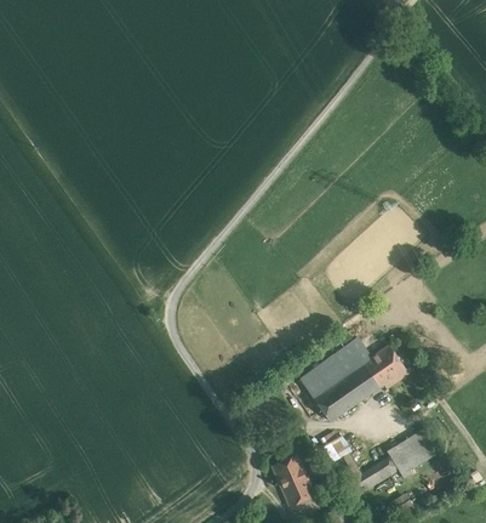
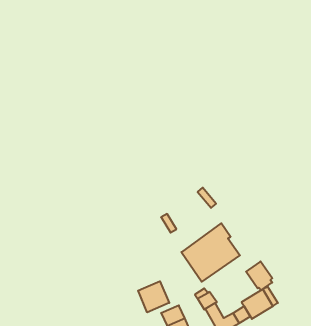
building: [366,345,404,386] -> [246,261,272,290]
building: none -> [138,281,169,312]

